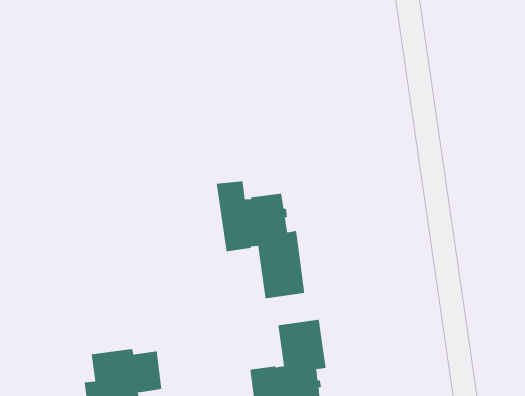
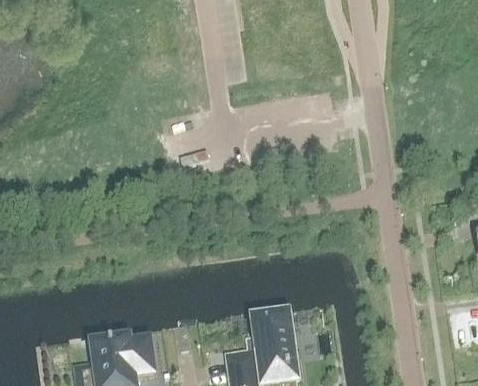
building: [216,181,305,299] -> none

